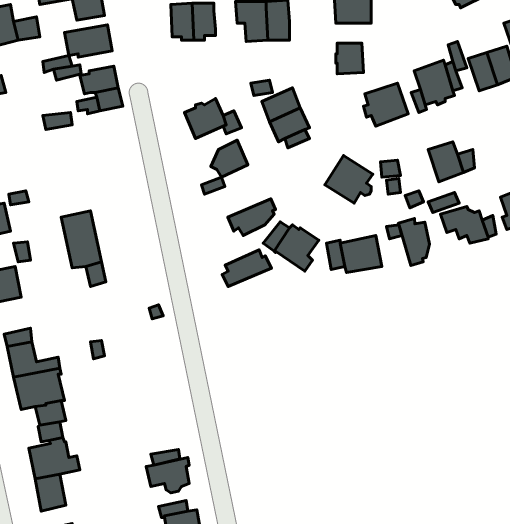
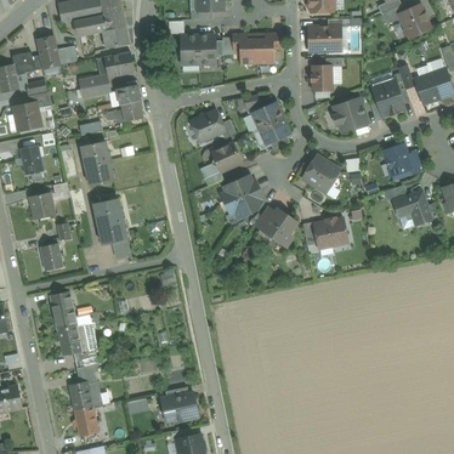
building: none -> [81,142,114,187]
building: [398,219,430,265] -> none
building: [222,250,271,287] -> [221,175,260,204]

